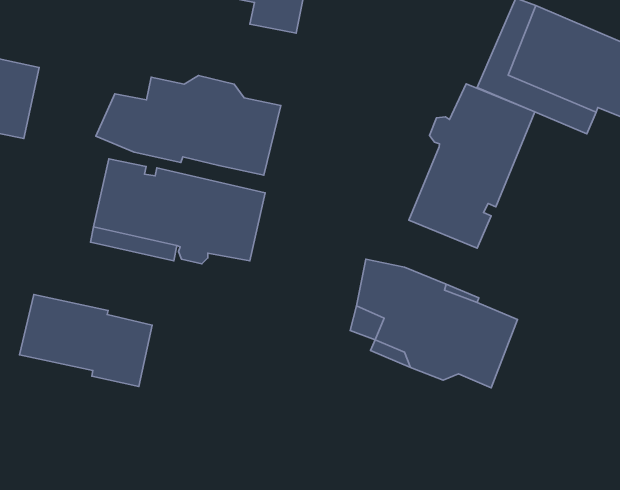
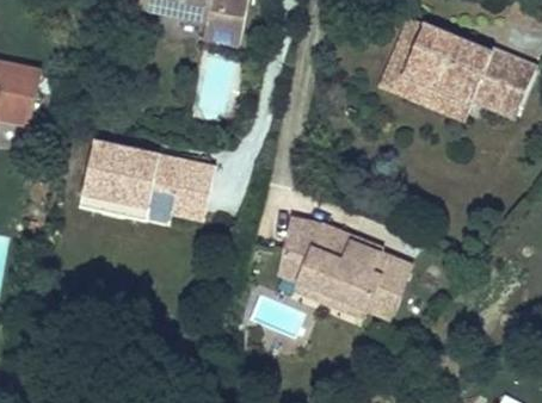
building: [96,75,281,175] -> none
building: [409,84,535,248] -> none
building: [20,294,152,386] -> none

